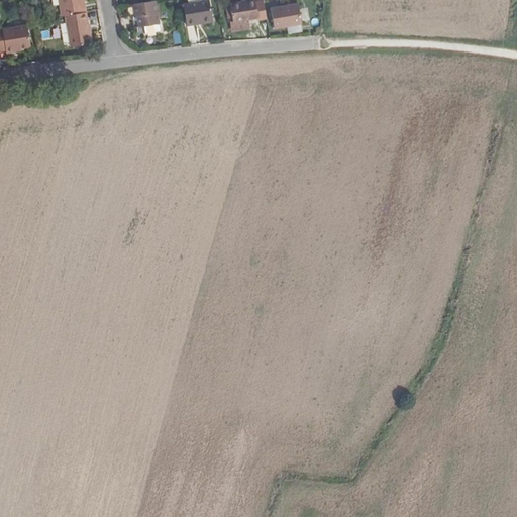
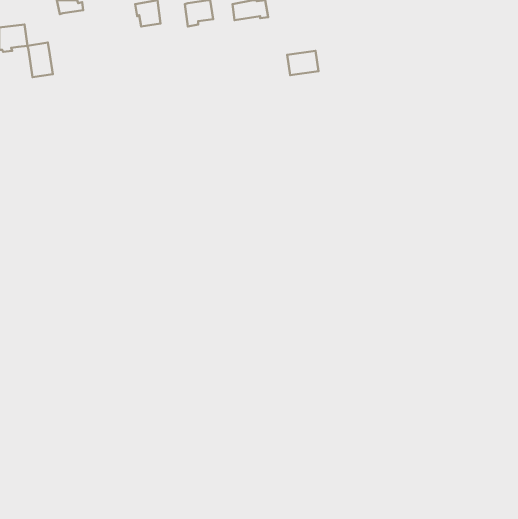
building: [271,4,302,28] -> [287,51,319,75]
building: [63,10,88,44] -> [27,43,53,77]

